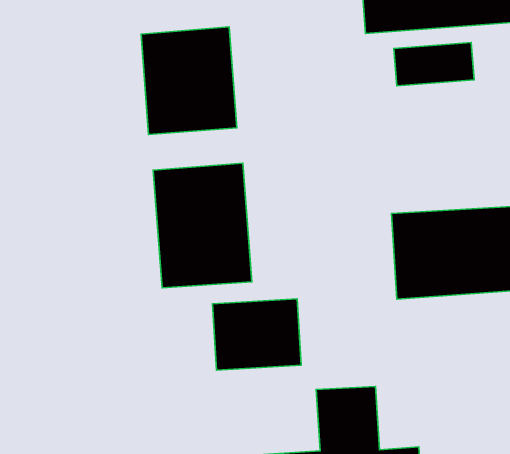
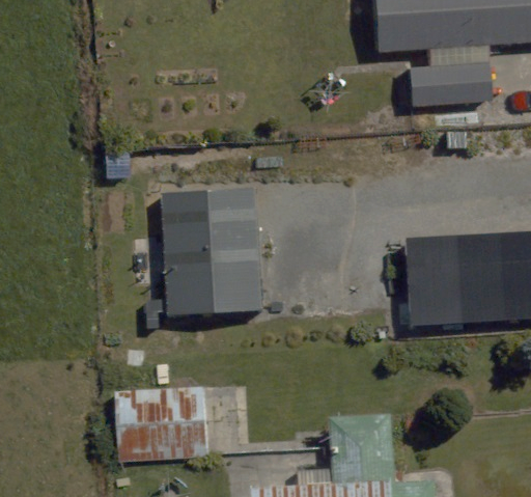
building: [141,27,237,134] -> none
building: [213,299,301,370] -> [115,388,206,462]

